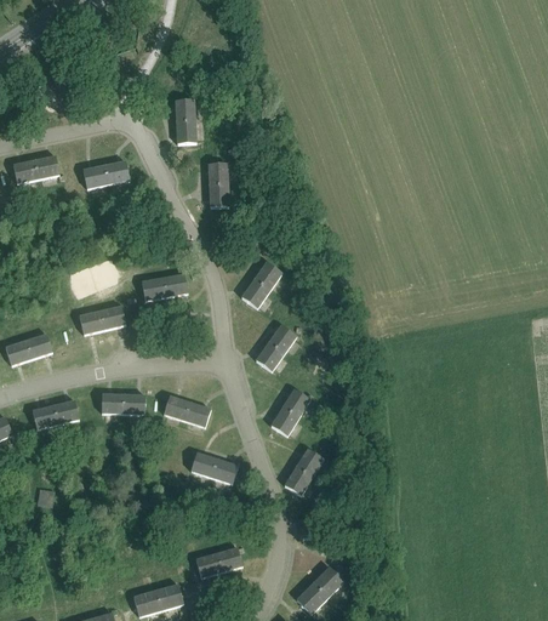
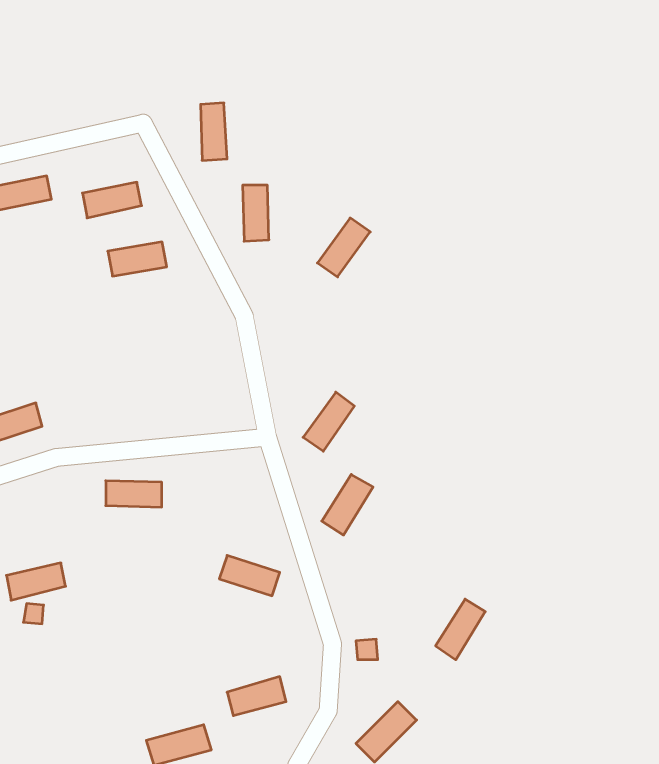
building: [241,262,282,308] -> [317,218,370,277]
building: [142,274,188,301] -> [108,242,167,276]
building: [79,306,126,335] -> none
building: [164,395,211,427] -> none
building: [33,400,79,429] -> [6,563,66,600]
building: [285,449,324,496] -> [436,599,485,660]

